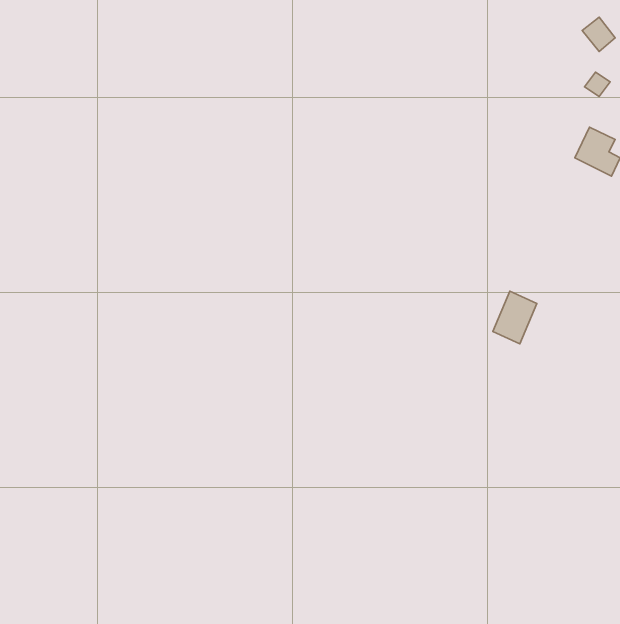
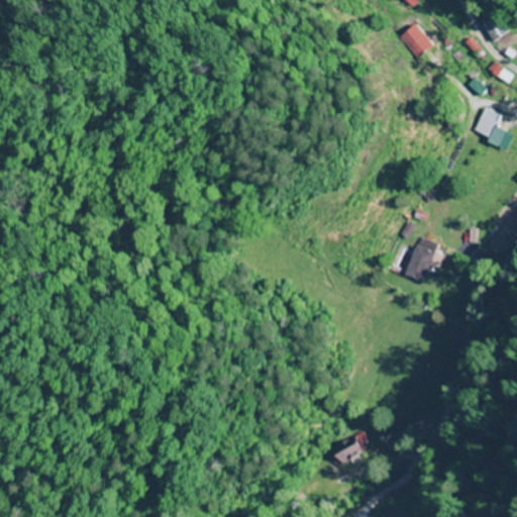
building: none -> [396,23,432,60]
building: none -> [327,434,368,467]

